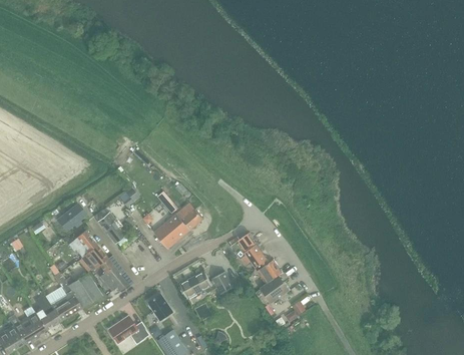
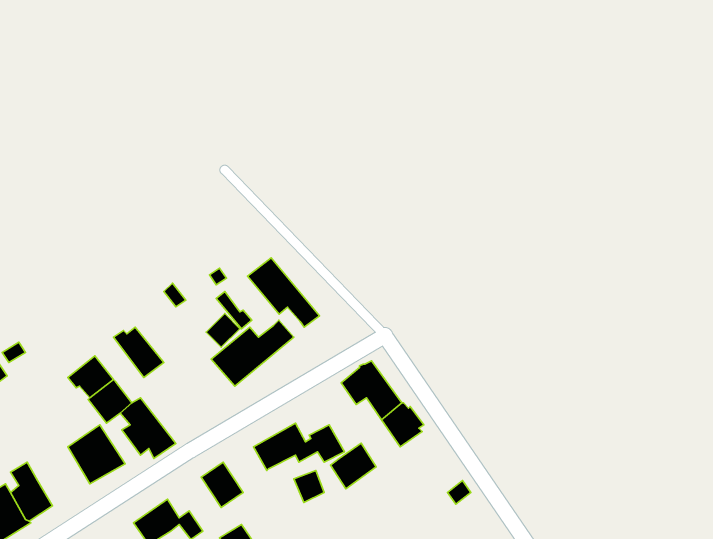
building: none -> [247,258,319,327]
building: [56,203,85,231] -> none
building: [45,273,81,319] -> none
building: [261,275,288,302] -> [331,443,376,489]

